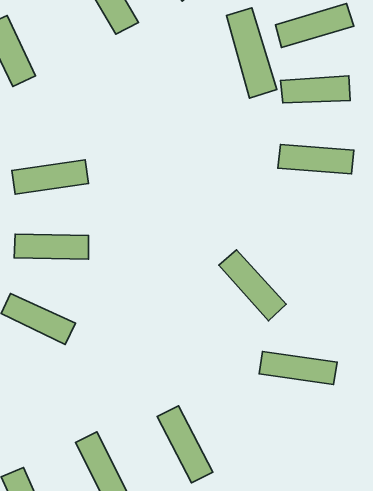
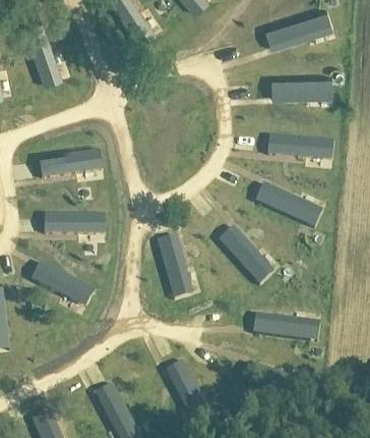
building: [226,8,277,98] -> none
building: none -> [257,181,323,227]
building: none -> [158,233,193,297]

